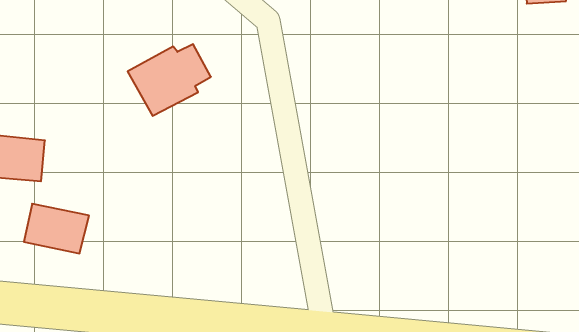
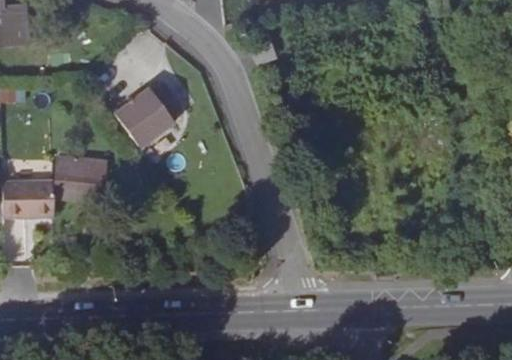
building: [24,204,89,253] -> [55,157,106,193]

